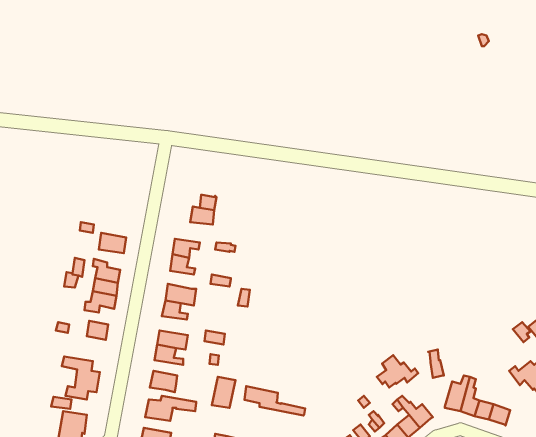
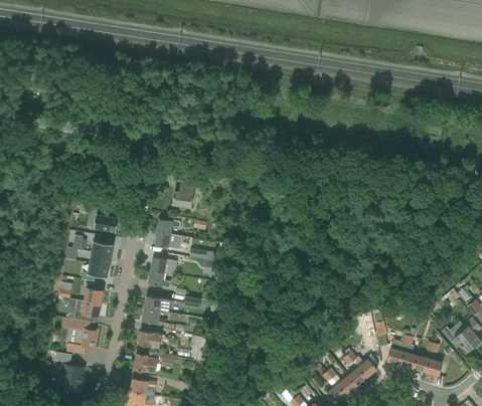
building: none -> [72,300,100,322]
building: [377,355,418,387] -> none
building: [245,386,305,415] -> none

